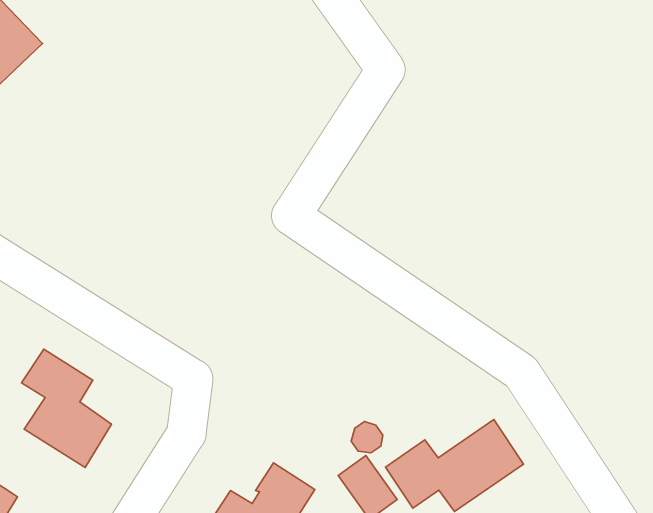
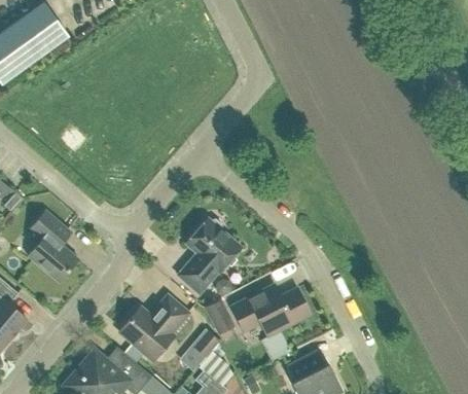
building: none -> [177,217,242,294]

